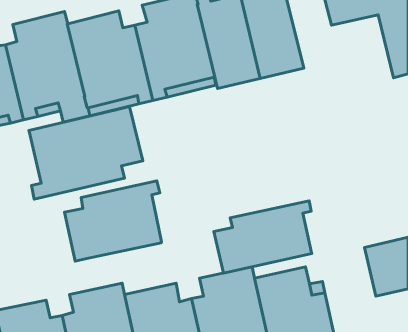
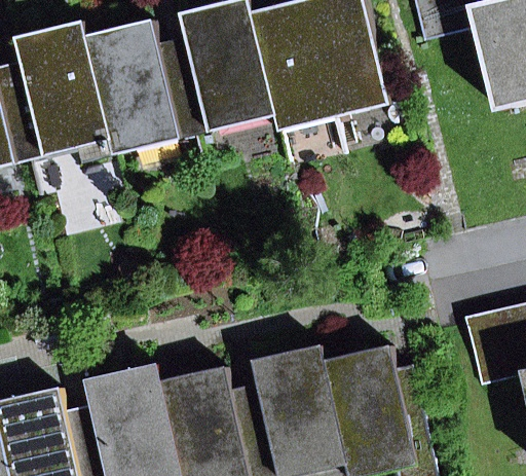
building: [29,107,143,199] -> none
building: [65,181,161,261] -> none
building: [214,201,312,273] -> none

